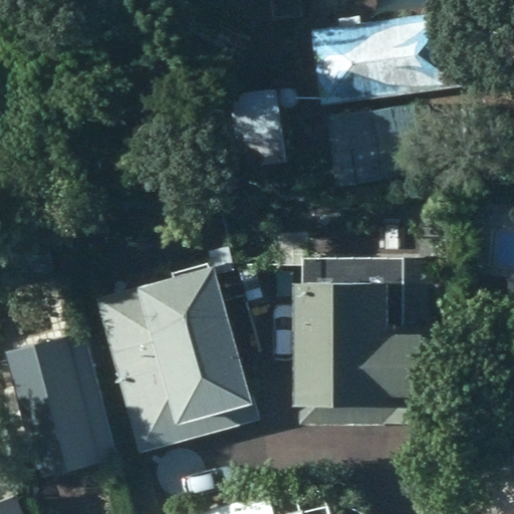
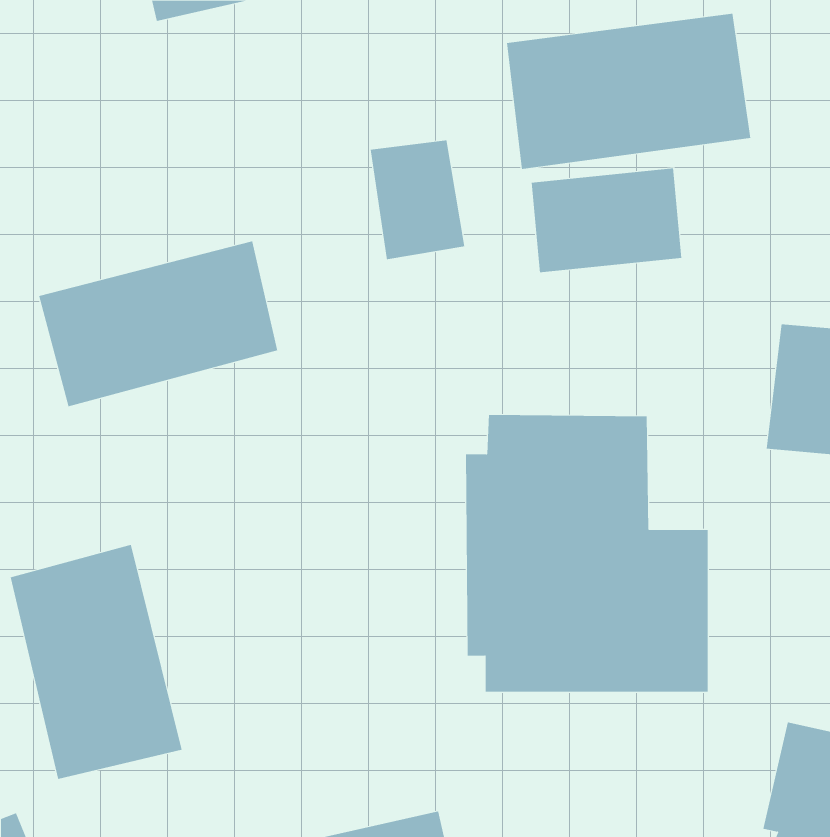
building: none -> [38,240,278,407]
building: [95,266,263,455] -> none

